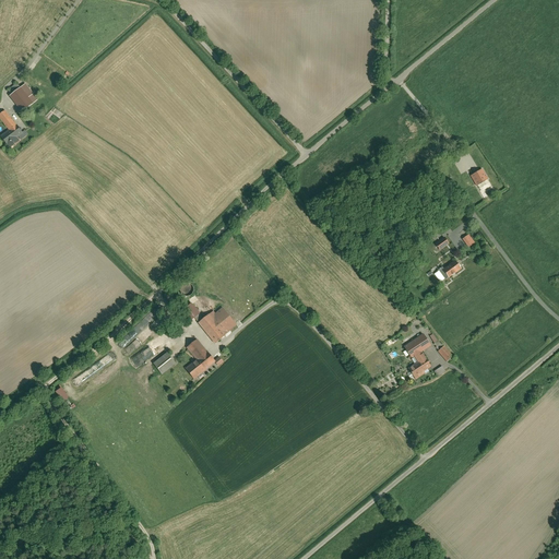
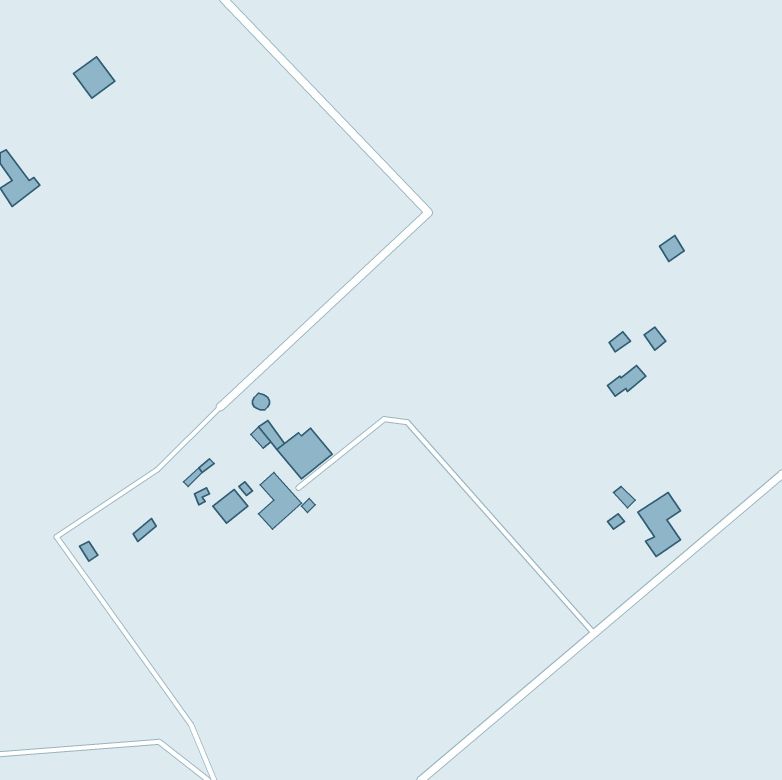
building: [9,81,38,110] -> [74,57,115,98]
building: [402,333,432,379] -> [638,492,681,557]

